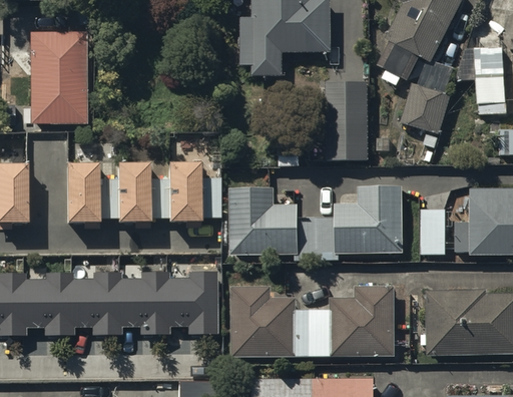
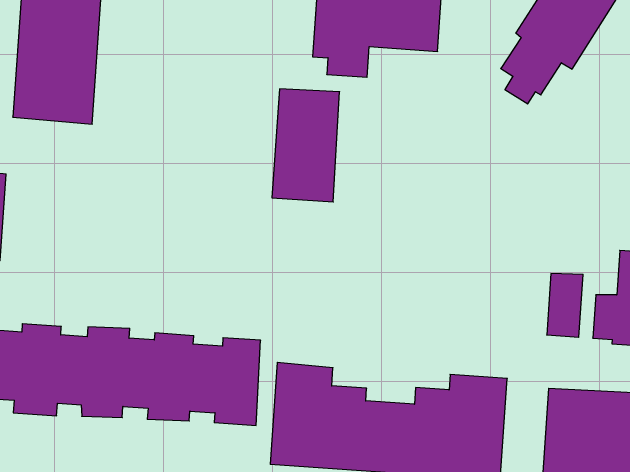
building: [325,80,369,159] -> [272,89,340,202]
building: [399,82,450,134] -> none
building: [66,162,220,226] -> none
building: [230,186,402,261] -> none

